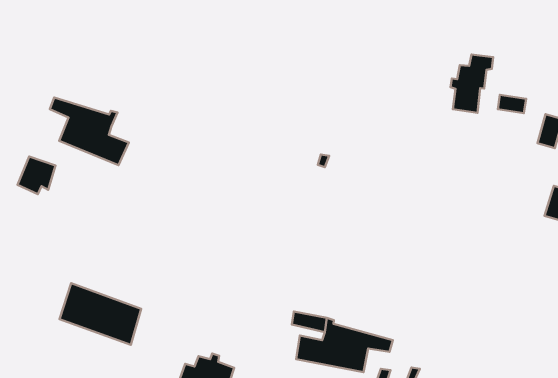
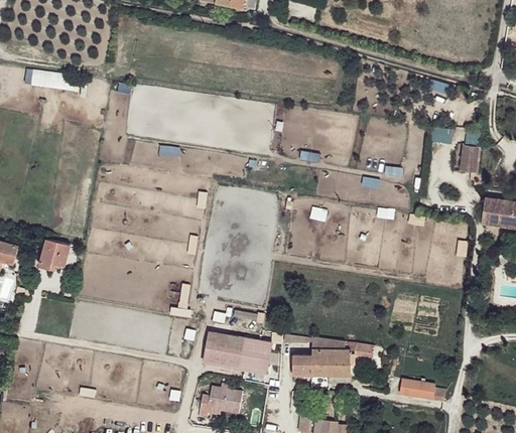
building: [451,55,493,113] -> none
building: [50,97,129,165] -> none
building: [59,283,141,345] -> [205,330,271,374]

